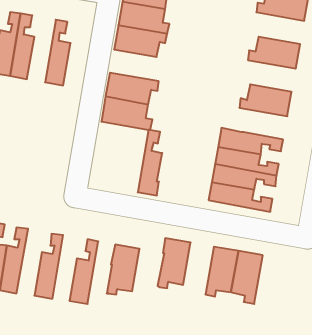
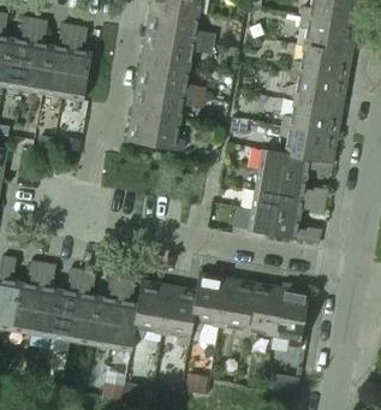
building: none -> [299,17,356,53]
building: none -> [42,23,75,96]
building: none -> [136,59,194,95]
building: none -> [290,71,346,107]
building: none -> [280,125,337,161]
building: [138,130,162,195] -> [111,277,138,351]
building: none -> [30,262,59,338]
building: none -> [71,269,99,344]
building: none -> [219,278,254,337]
building: none -> [161,285,197,345]

